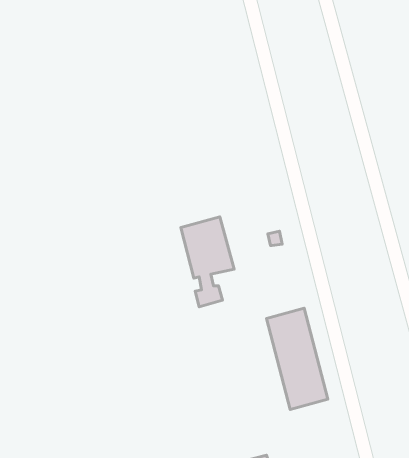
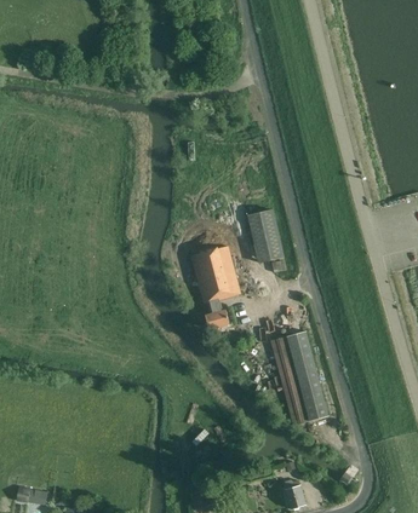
building: none -> [247,209,282,263]

